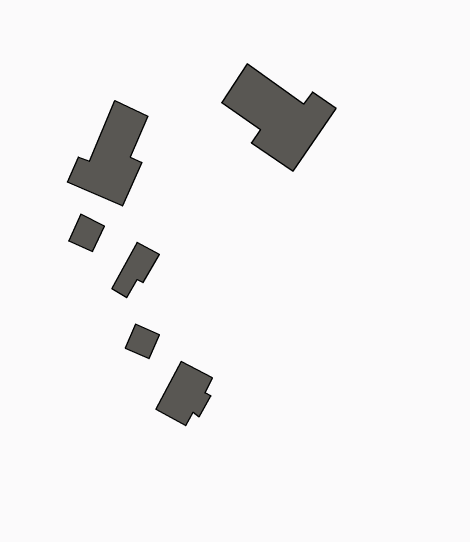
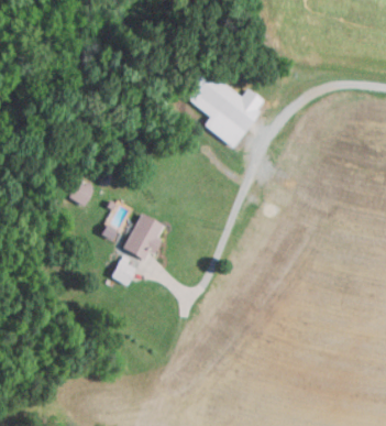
building: [67,101,148,206] -> none
building: [156,362,212,426] -> [122,214,164,261]

